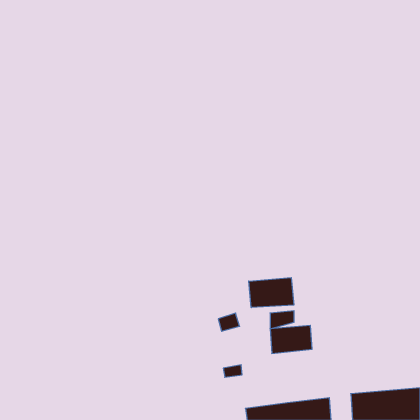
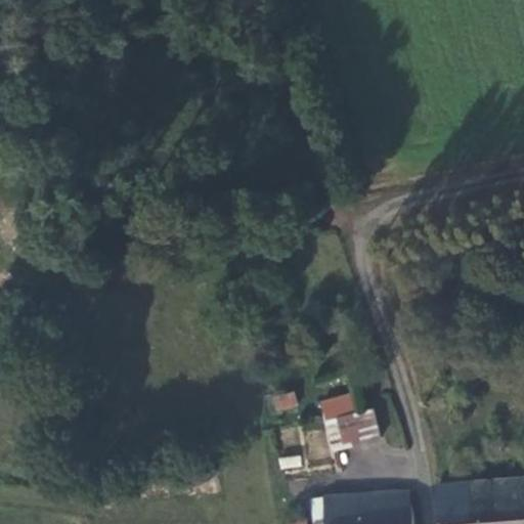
building: [249,278,294,308] -> none

